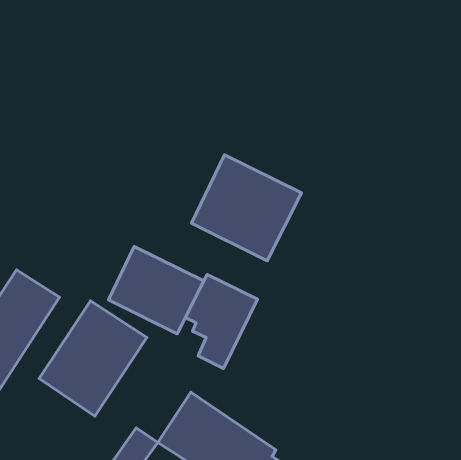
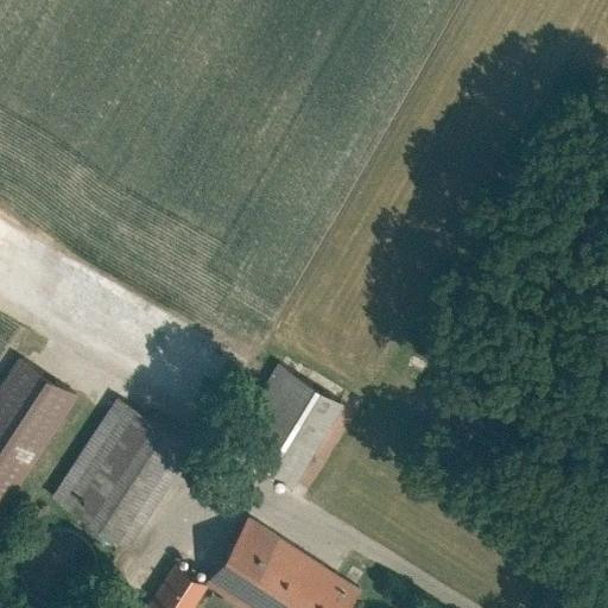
building: [192,155,301,261] -> none
building: [108,247,204,334] -> none

